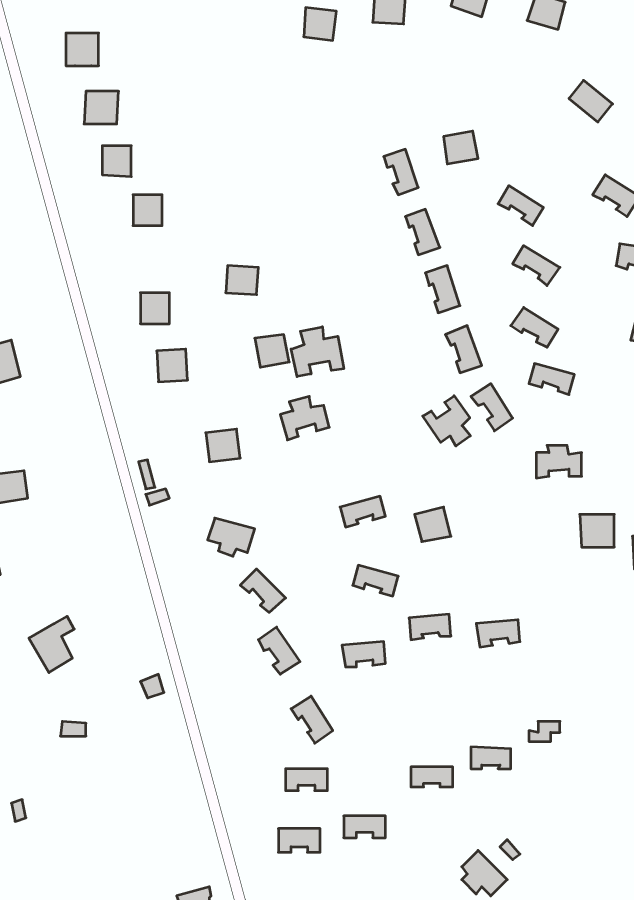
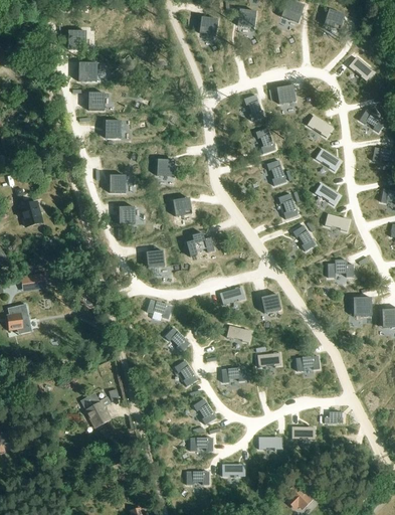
building: [291,327,344,377] -> none
building: [423,396,470,446] -> none
building: [29,616,74,673] -> [85,396,111,427]

